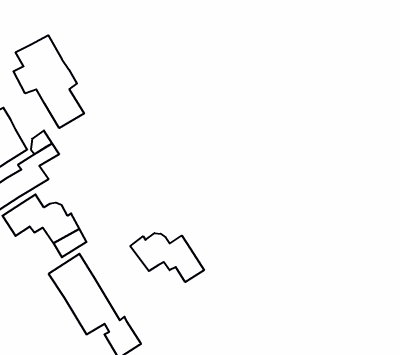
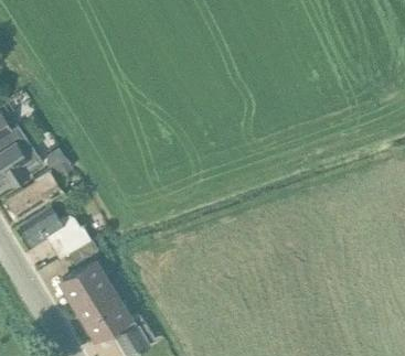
building: [13,35,84,128] -> none
building: [130,233,204,282] -> none

